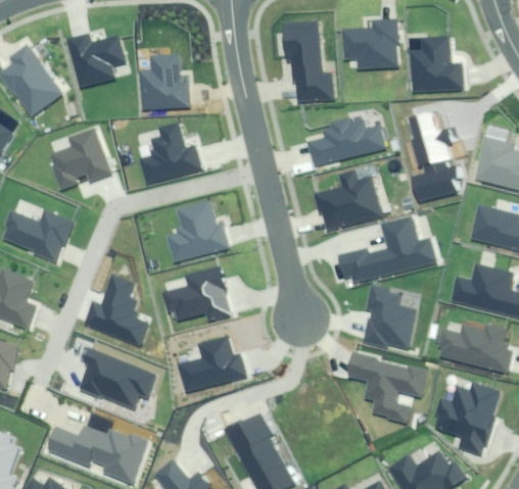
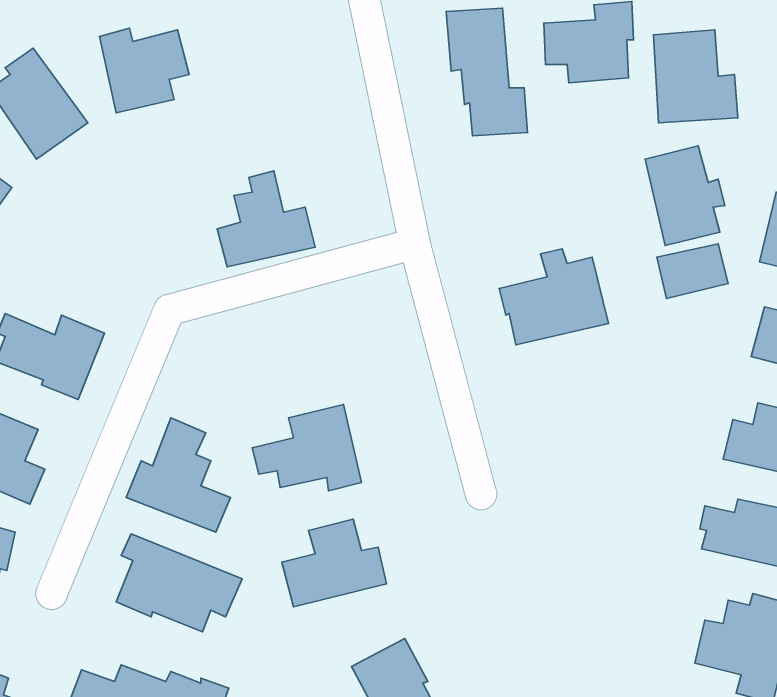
building: [141,54,190,107] -> none
building: [310,115,385,164] -> none
building: [50,127,111,188] -> none
building: [170,201,228,258] -> none
building: [339,216,435,282] -> none
building: [366,283,417,347] -> none
building: [346,354,426,421] -> none

